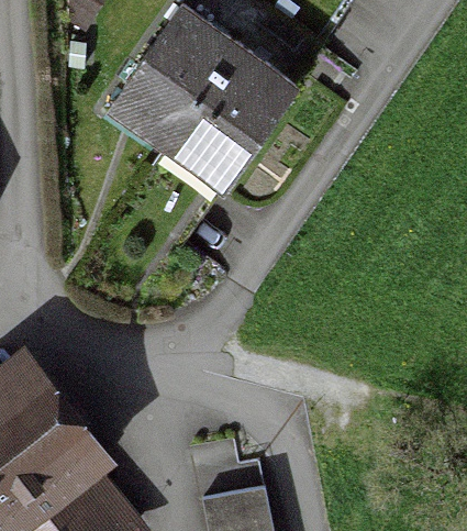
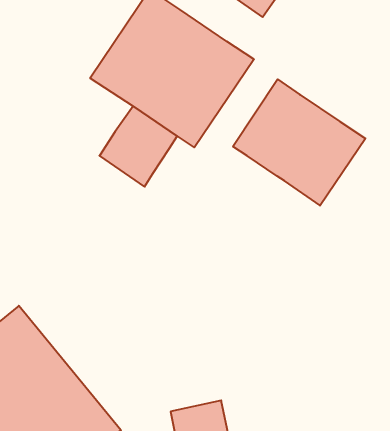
building: none -> [233,79,365,206]

